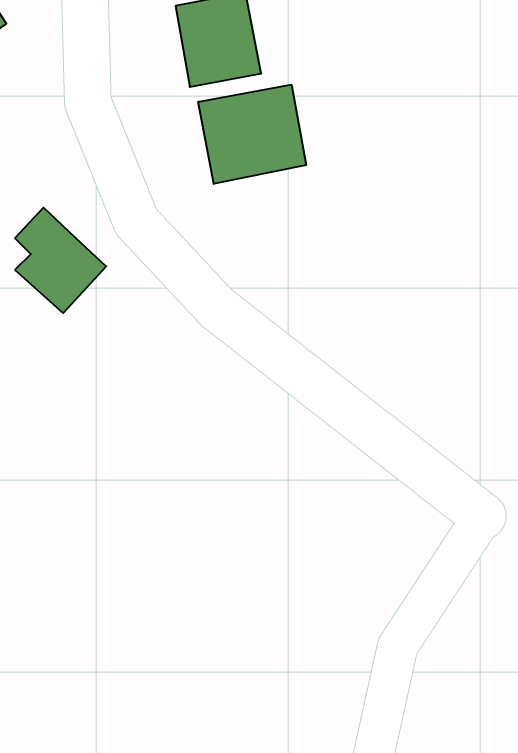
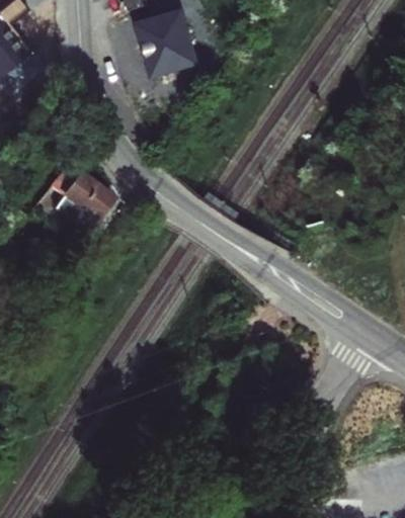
building: [198,85,306,184] -> none

